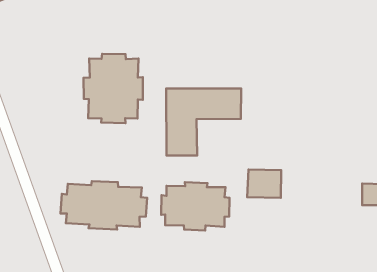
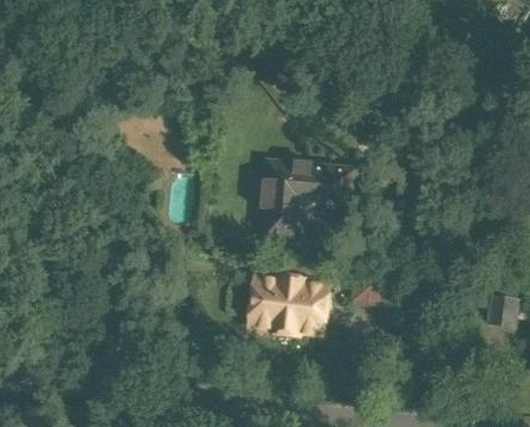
building: [84,54,143,123] -> none
building: [60,181,147,229] -> none

